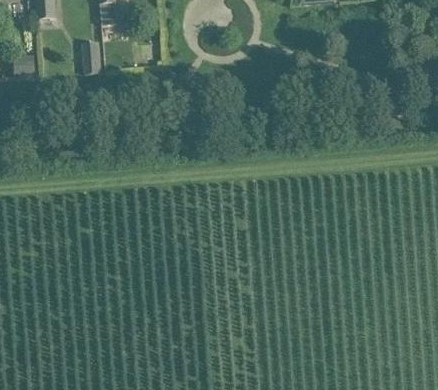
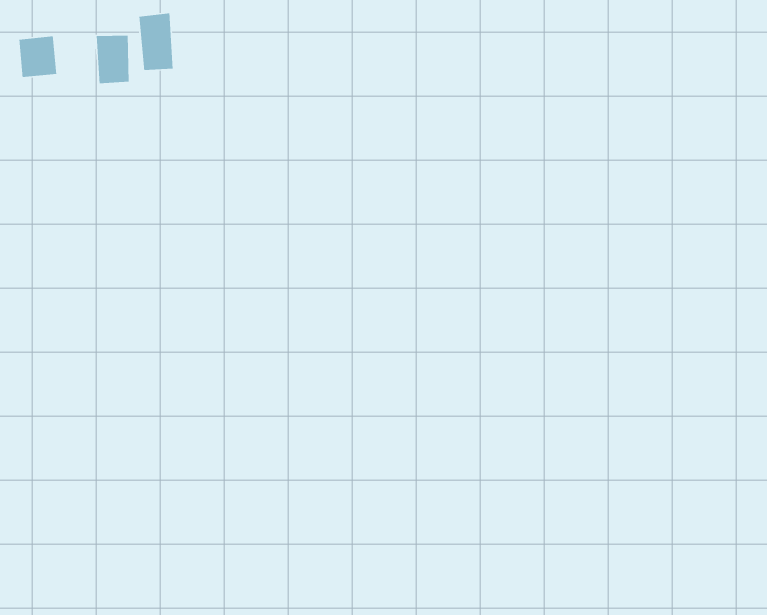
building: none -> [96,35,130,84]

